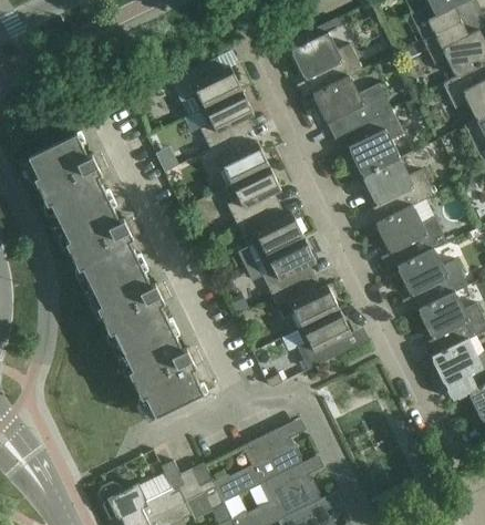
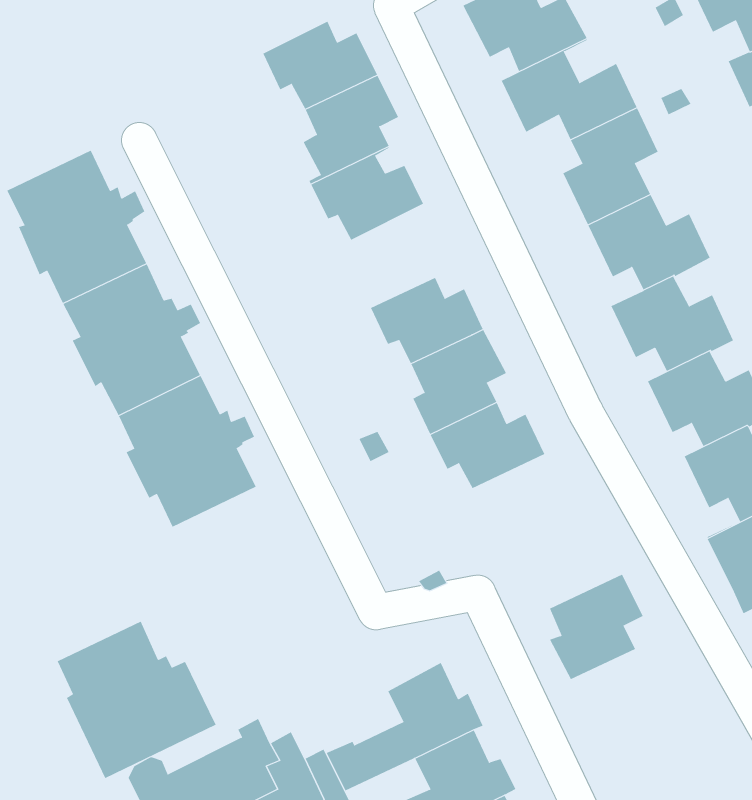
building: [227,165,281,225] -> none
building: [297,309,351,370] -> [549,574,644,680]
building: [124,328,216,419] -> [57,621,216,779]

